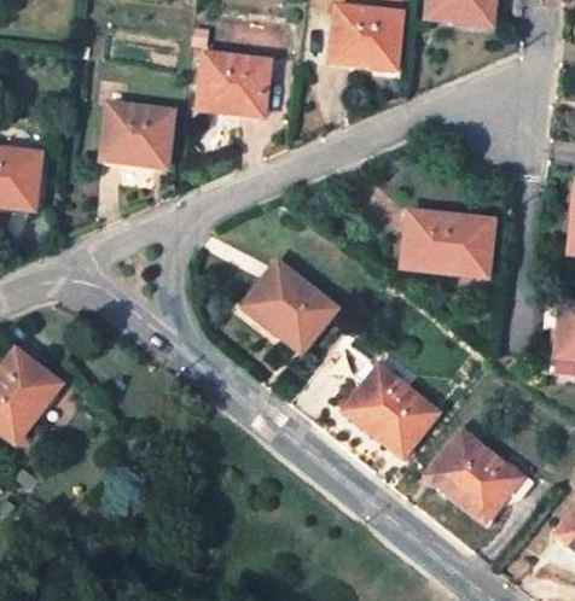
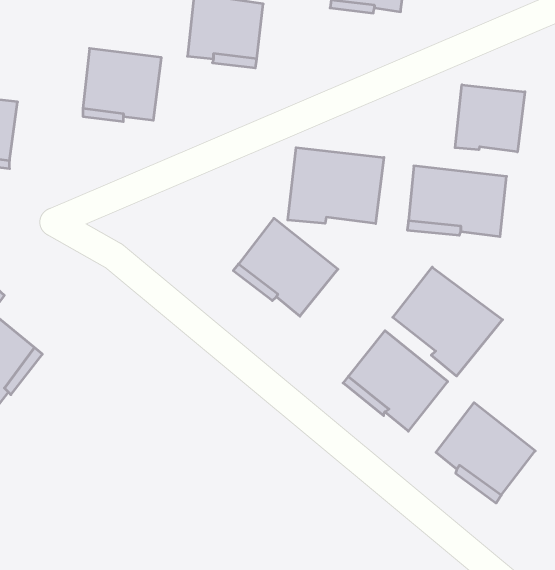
building: none -> [455,85,525,152]
building: none -> [288,148,384,224]
building: none -> [393,267,503,376]

